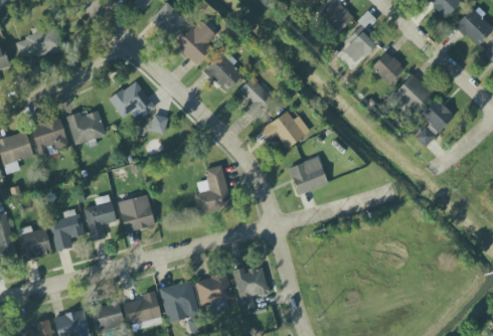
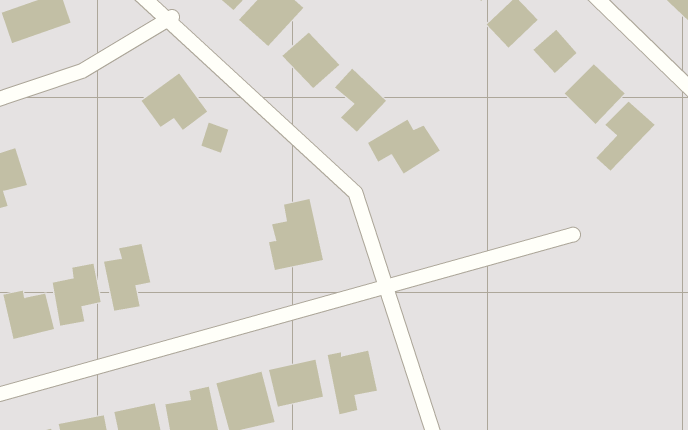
building: [66,110,105,144] -> none
building: [29,117,69,157] -> none
building: [287,156,328,195] -> none
building: [118,194,155,232] -> none

